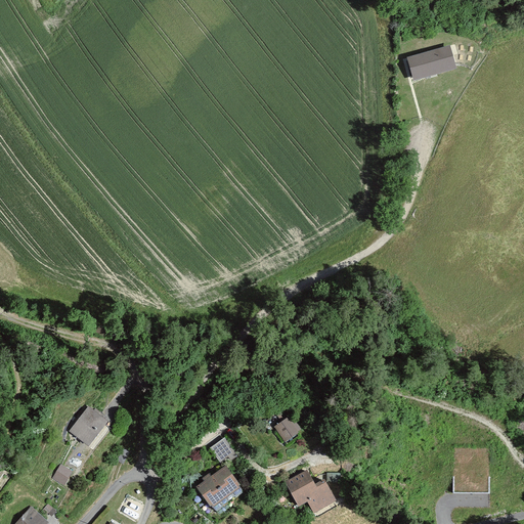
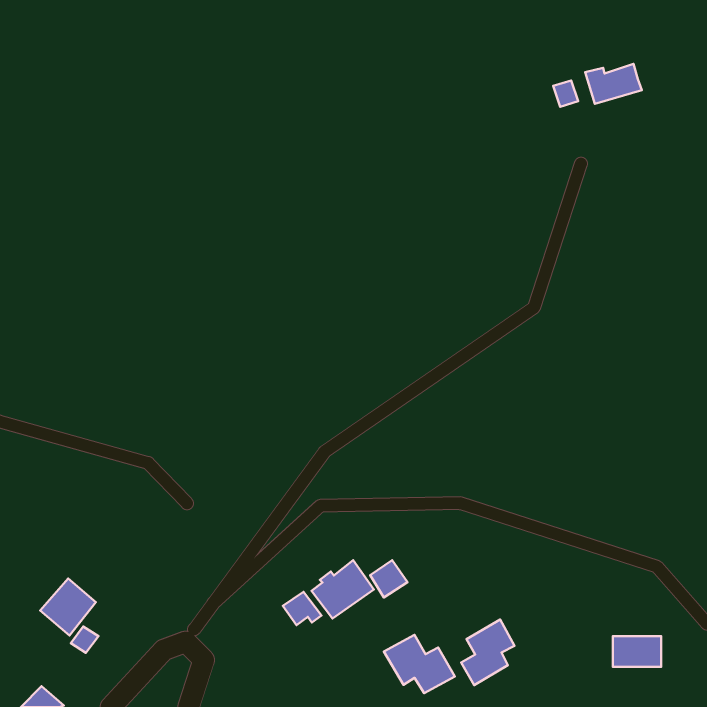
building: [68,407,108,449] -> [40,579,96,635]
building: none -> [461,620,515,685]
building: [194,464,241,507] -> [312,560,374,619]

